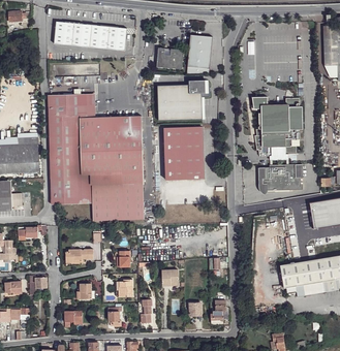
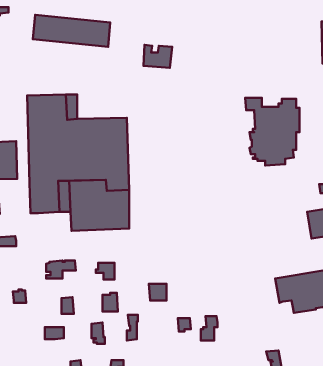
building: [186,34,212,73] -> none
building: [157,81,210,120] -> none
building: [163,127,204,180] -> none
building: [260,164,302,191] -> none

